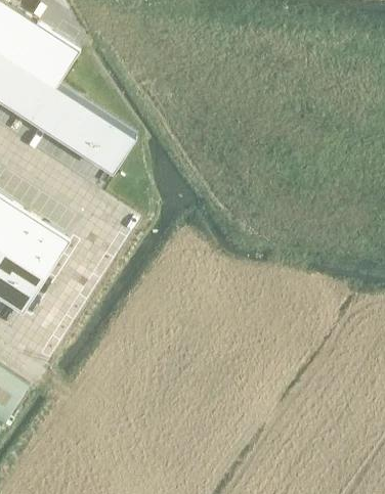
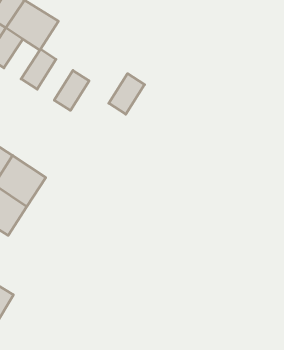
building: [13,74,56,122] -> none
building: [53,98,96,147] -> none
building: [93,124,136,173] -> [109,74,145,114]

